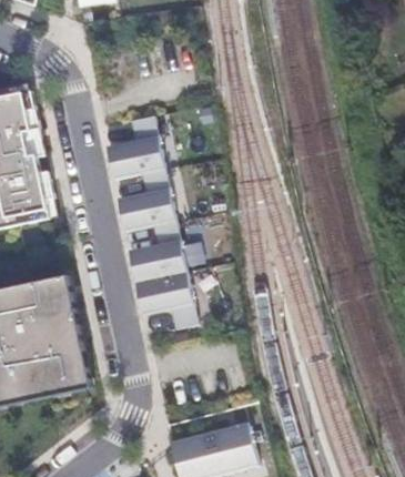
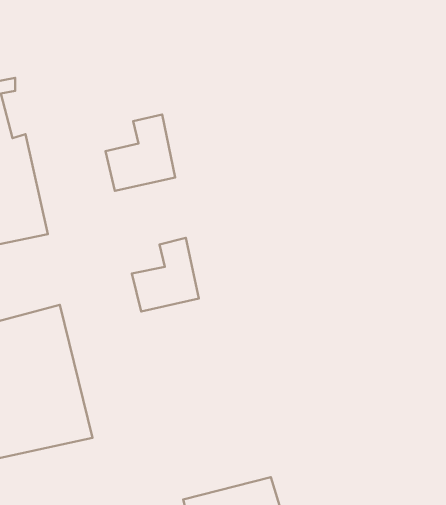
building: [114,169,173,230] -> none
building: [133,271,195,328] -> none

